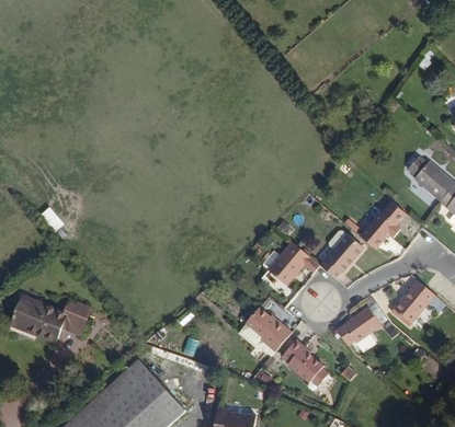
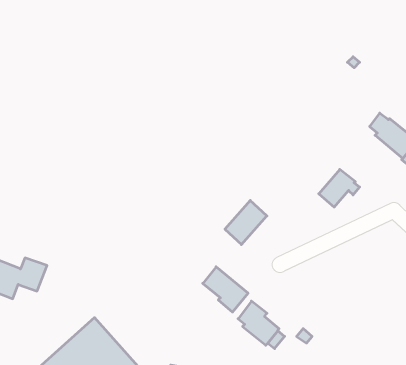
building: [320,236,363,279] -> none
building: [398,281,440,325] -> none
building: [345,310,388,348] -> none

